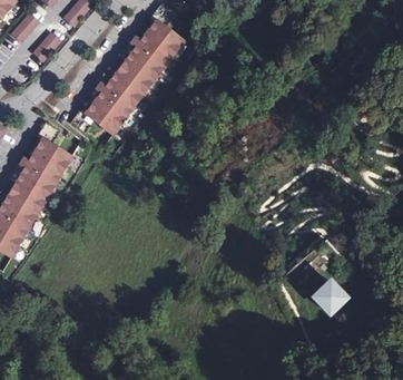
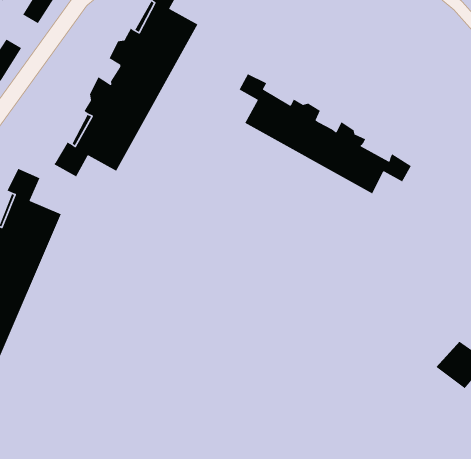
building: none -> [238,73,412,195]

